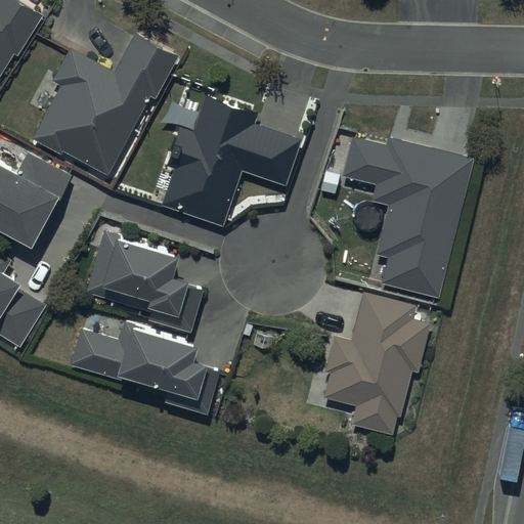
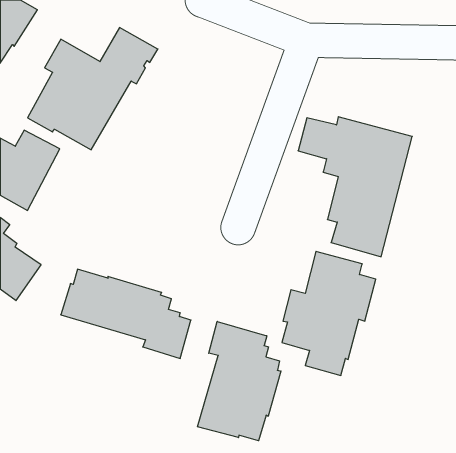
building: [162,96,302,226] -> none
building: [85,231,204,333] -> none
building: none -> [198,321,281,441]

